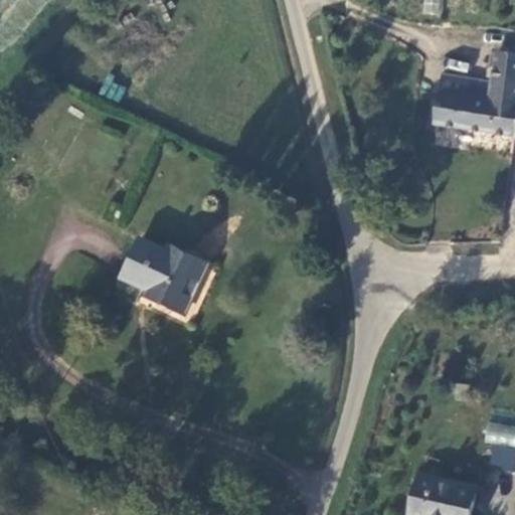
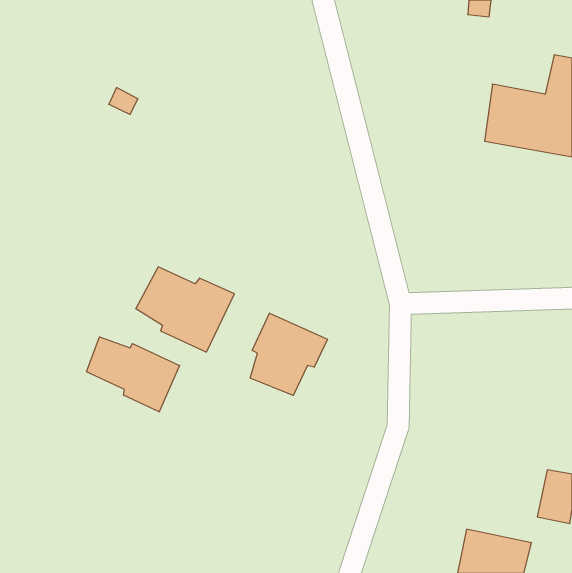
building: none -> [250,313,328,395]
building: none -> [87,337,180,412]

